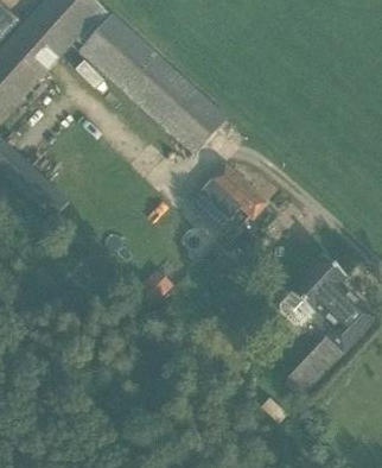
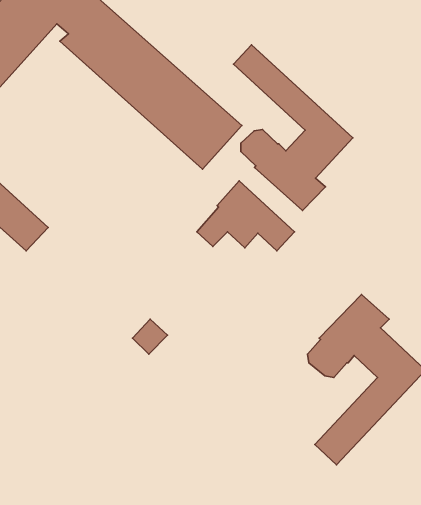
building: none -> [234,45,353,210]

